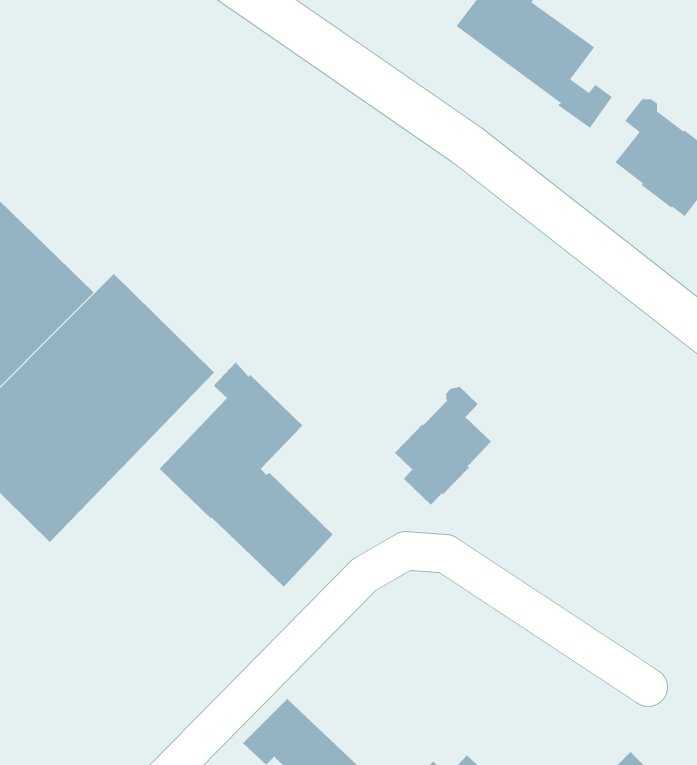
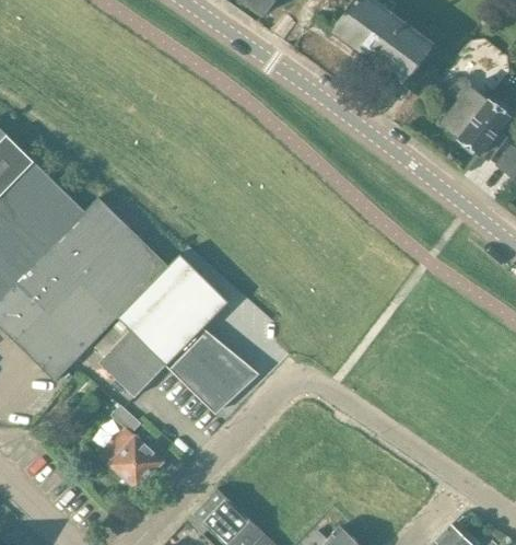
building: [394,386,492,506] -> none
building: none -> [98,332,165,398]
building: none -> [99,404,162,490]

